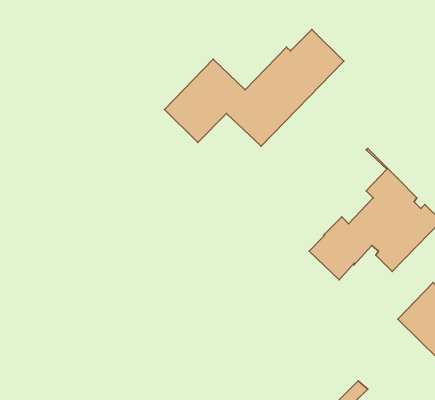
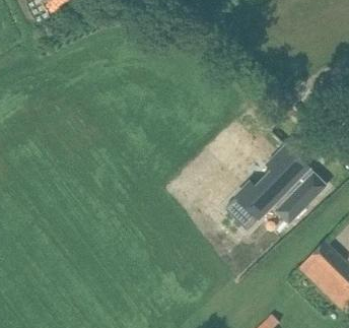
building: [165,30,344,146] -> none

